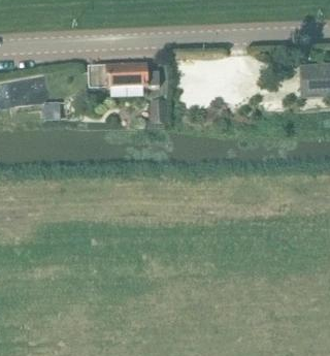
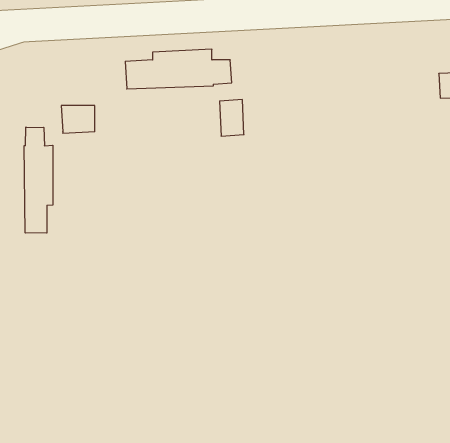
building: none -> [24,127,53,233]

